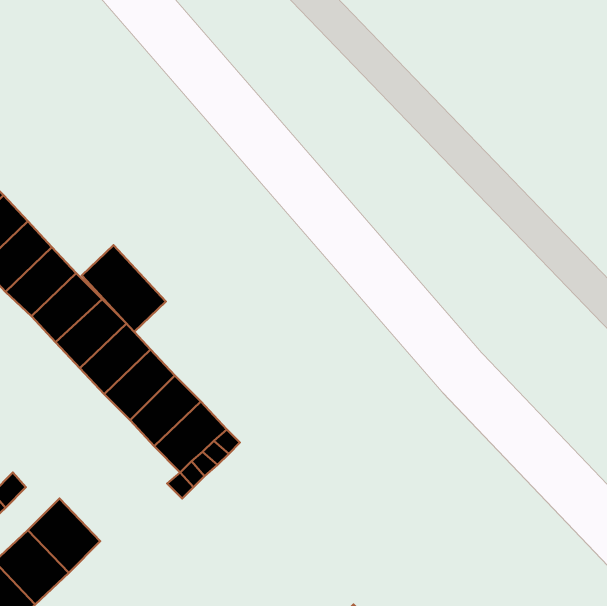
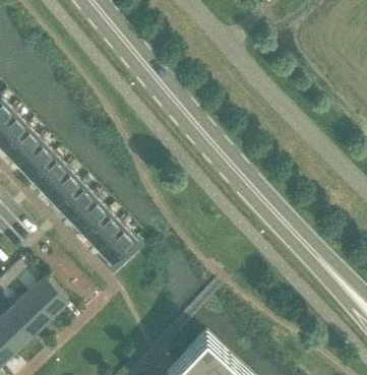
building: [82,245,166,332] -> none

